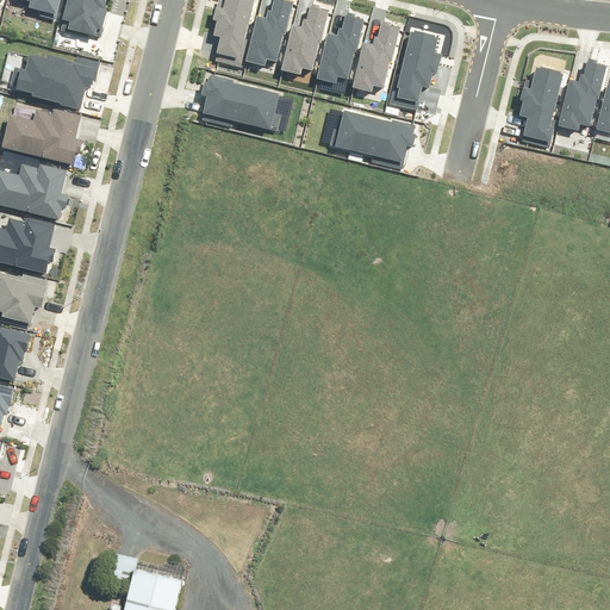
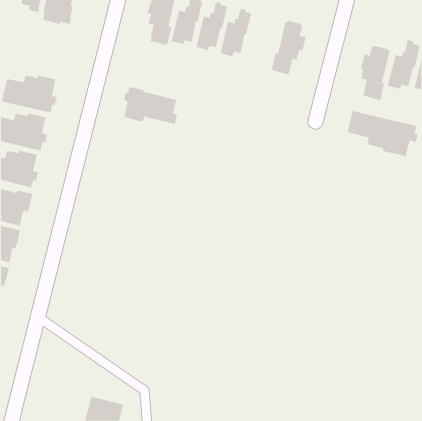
building: [353,20,399,91] -> none
building: [11,52,101,108] -> none
building: [203,74,281,129] -> [123,87,178,124]
building: [330,110,416,167] -> none
building: none -> [347,110,418,157]

